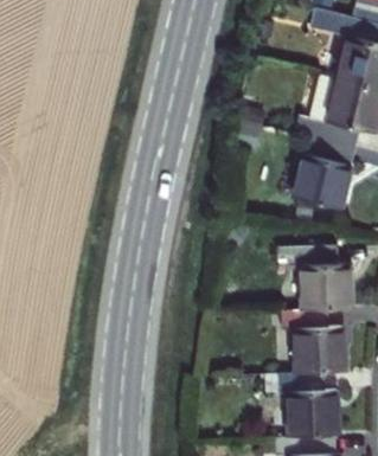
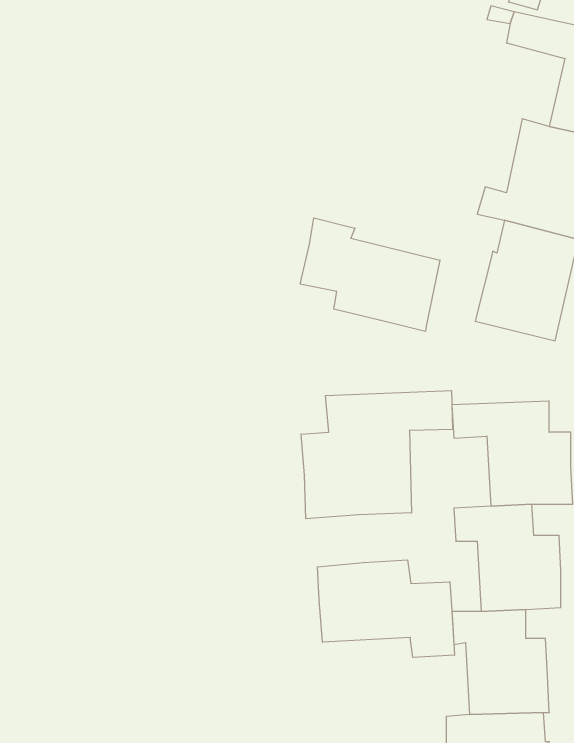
building: none -> [300,218,440,331]
building: none -> [301,391,452,519]
building: none -> [317,560,454,657]

